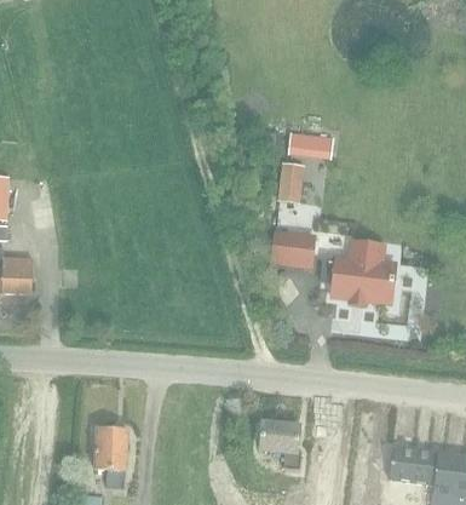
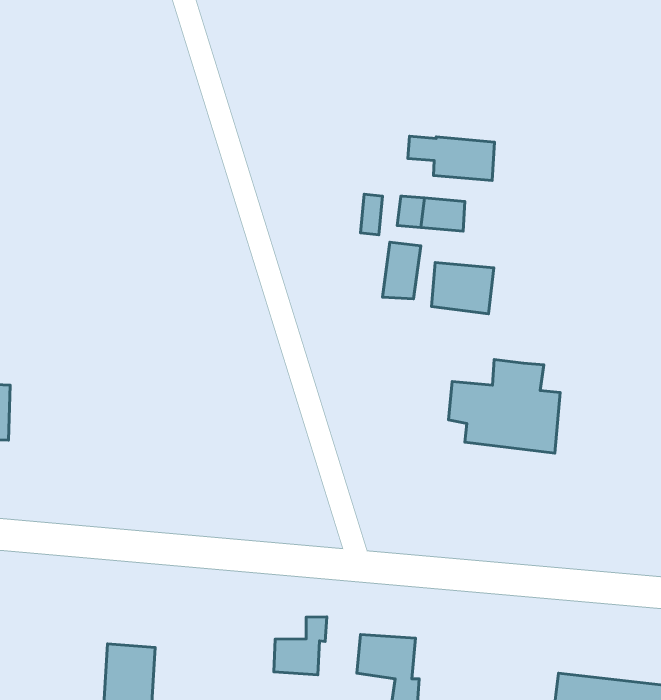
building: none -> [408,136,495,181]
building: [272,231,313,265] -> [432,262,494,314]
building: none -> [274,617,327,675]

